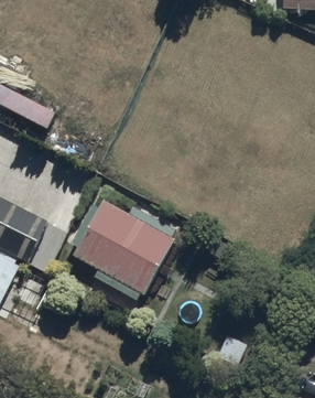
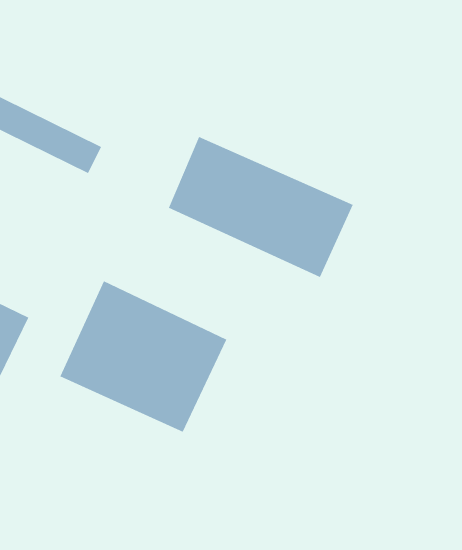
building: none -> [168,136,353,278]

